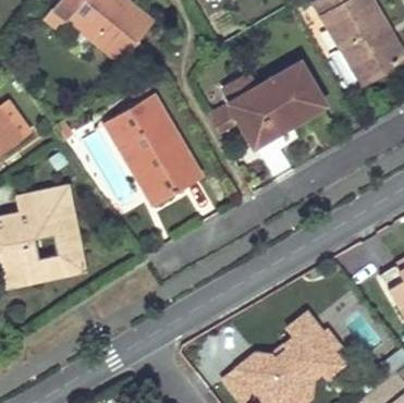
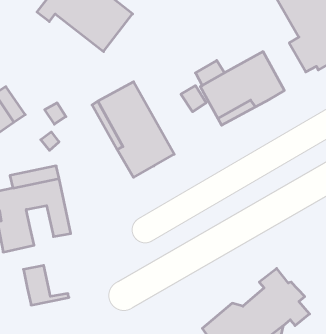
building: [33,236,84,281] -> [23,265,69,305]

